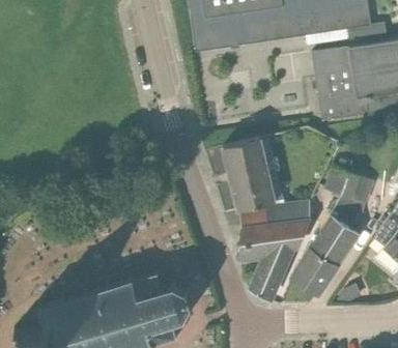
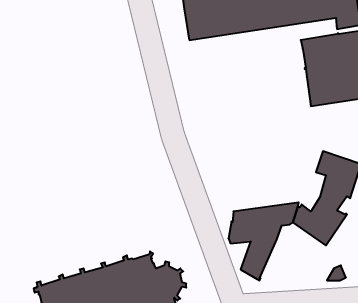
building: [223,135,309,229] -> none
building: [291,256,331,294] -> none

